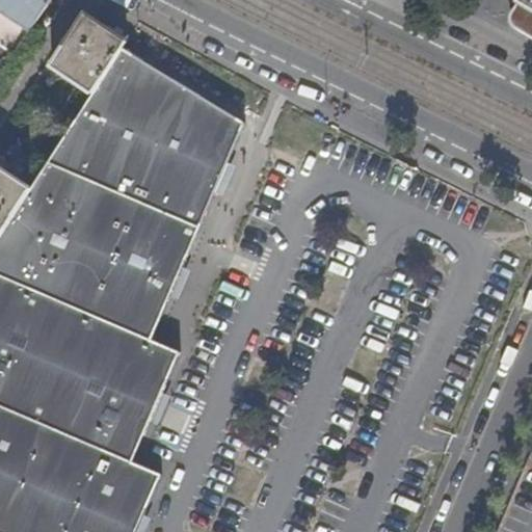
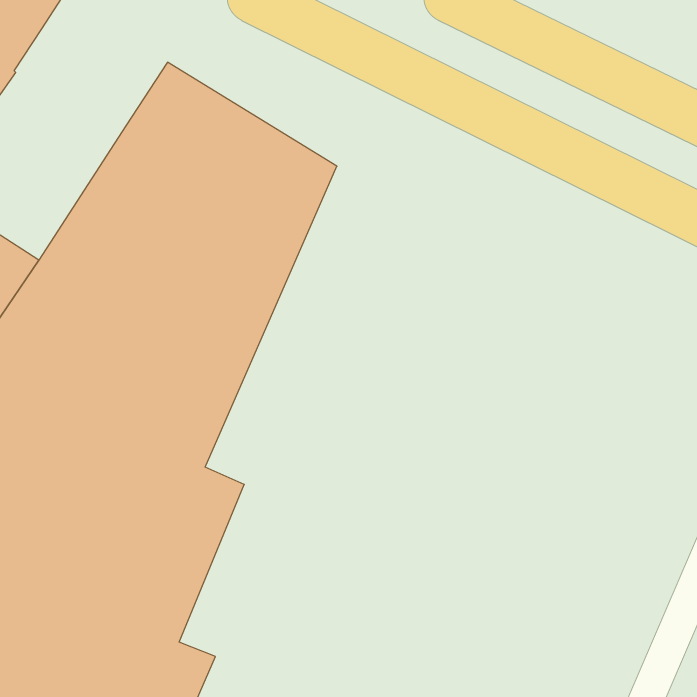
building: [48,14,124,92] -> none

